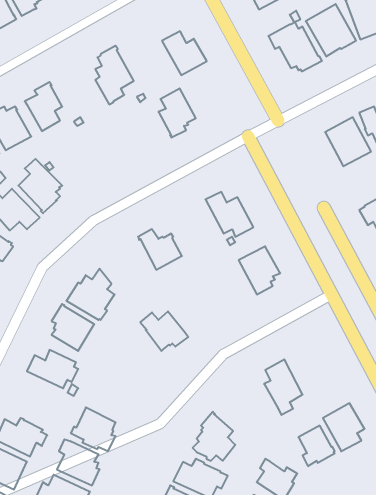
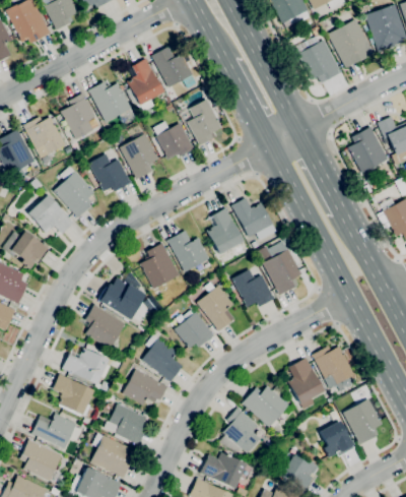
building: [162,31,207,75] -> [151,46,194,87]
building: none -> [88,81,132,122]
building: none -> [153,121,195,160]
building: none -> [120,133,160,180]
building: none -> [88,152,132,191]
building: none -> [207,207,244,254]
building: none -> [140,242,180,289]
building: none -> [232,268,275,307]
building: none -> [197,282,233,331]
building: none -> [142,333,180,382]
building: none -> [312,346,355,390]
building: none -> [122,369,167,405]
building: none -> [52,374,94,416]
building: none -> [243,385,293,427]

